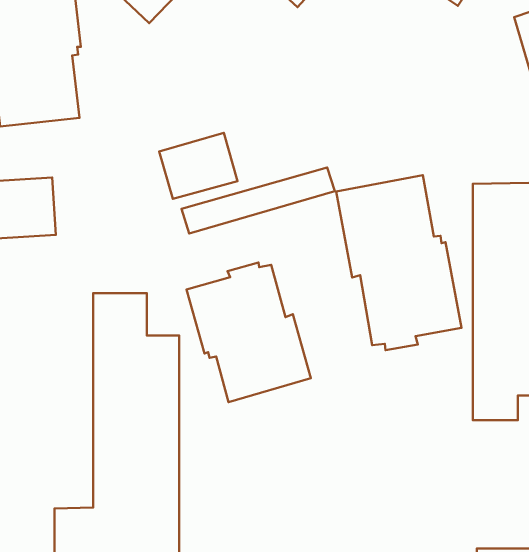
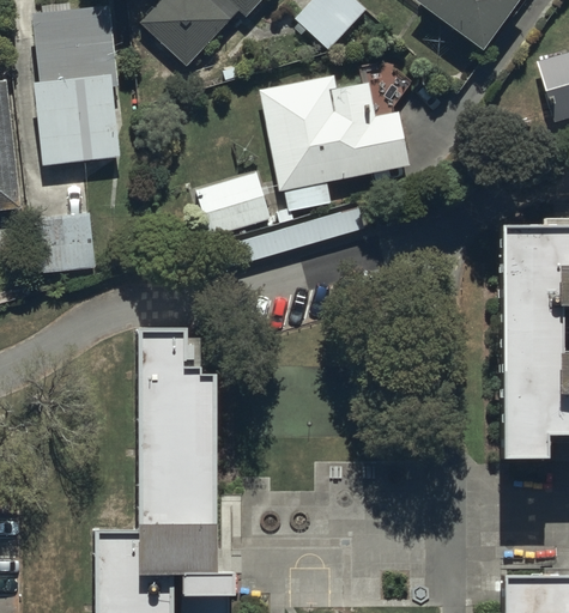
building: none -> [260,75,411,212]
building: [336,175,461,350] -> none
building: [186,262,311,402] -> none

